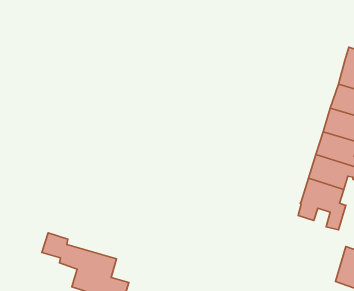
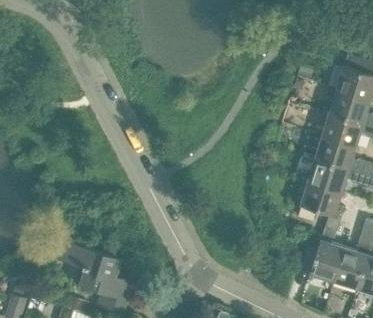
building: none -> [309,228,343,281]

